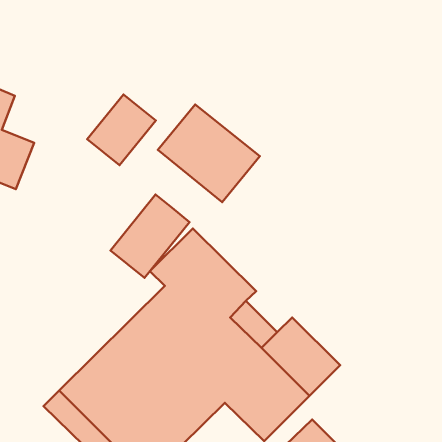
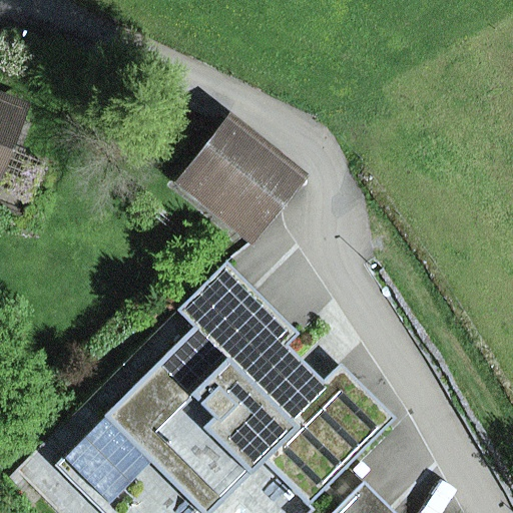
building: [87,95,156,165] -> none
building: [110,195,190,278] -> none

